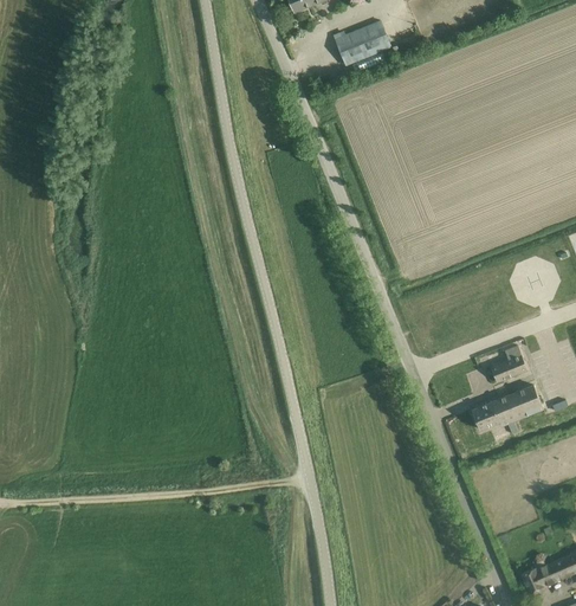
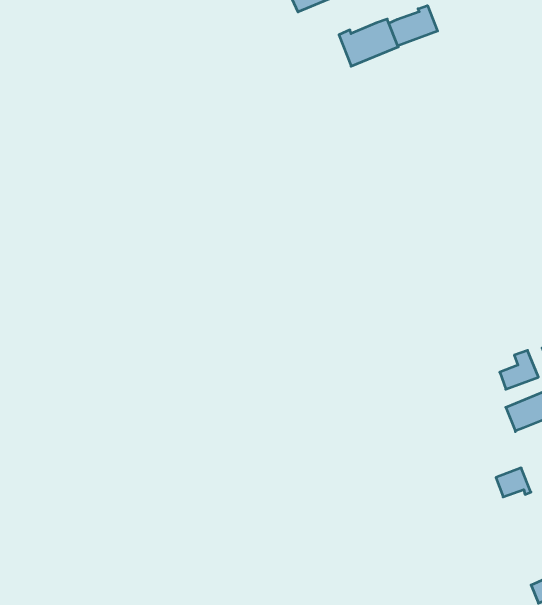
building: none -> [389,6,438,46]
building: [472,400,506,428] -> [496,468,531,497]

